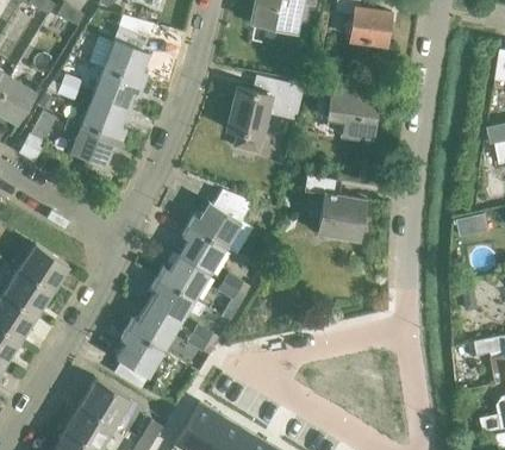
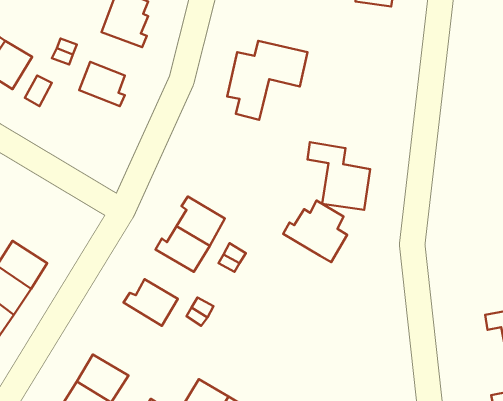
building: [93,69,143,111] -> none
building: [325,86,375,139] -> none
building: [63,119,121,167] -> none
building: [187,195,249,255] -> [283,200,347,262]
building: [18,244,69,292] -> none
building: [145,279,204,326] -> none
building: [112,330,162,389] -> none

